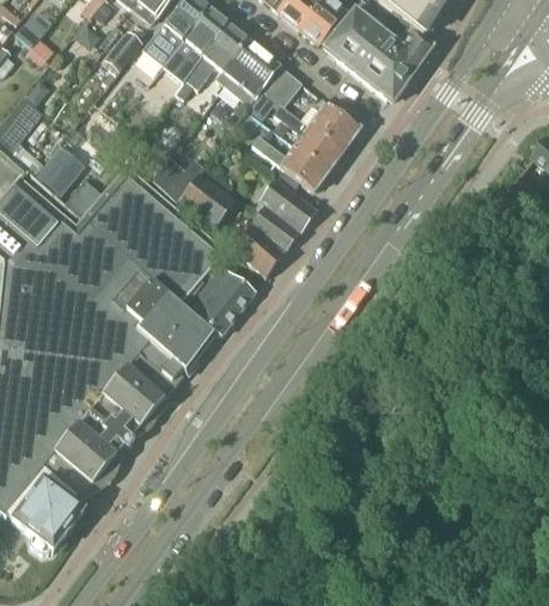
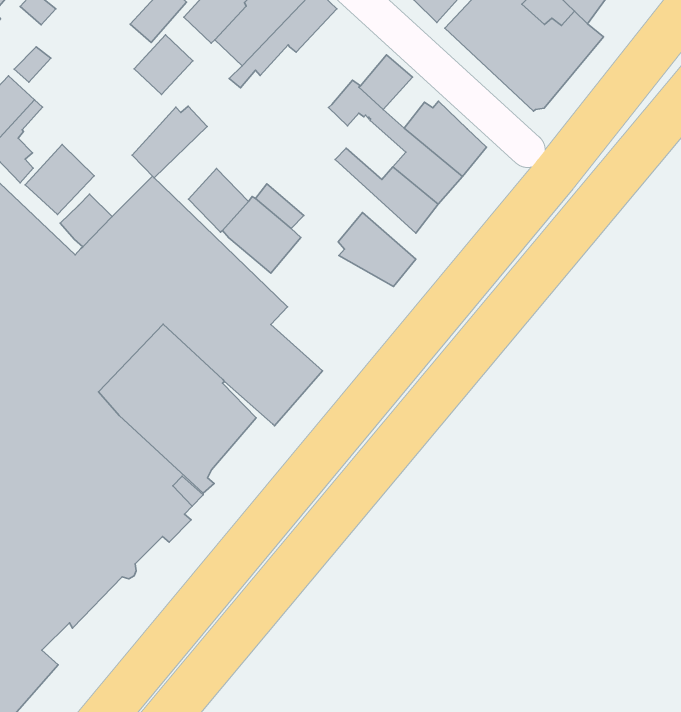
building: [215,38,280,105] -> none
building: none -> [132,106,207,178]
building: [233,210,300,275] -> none

